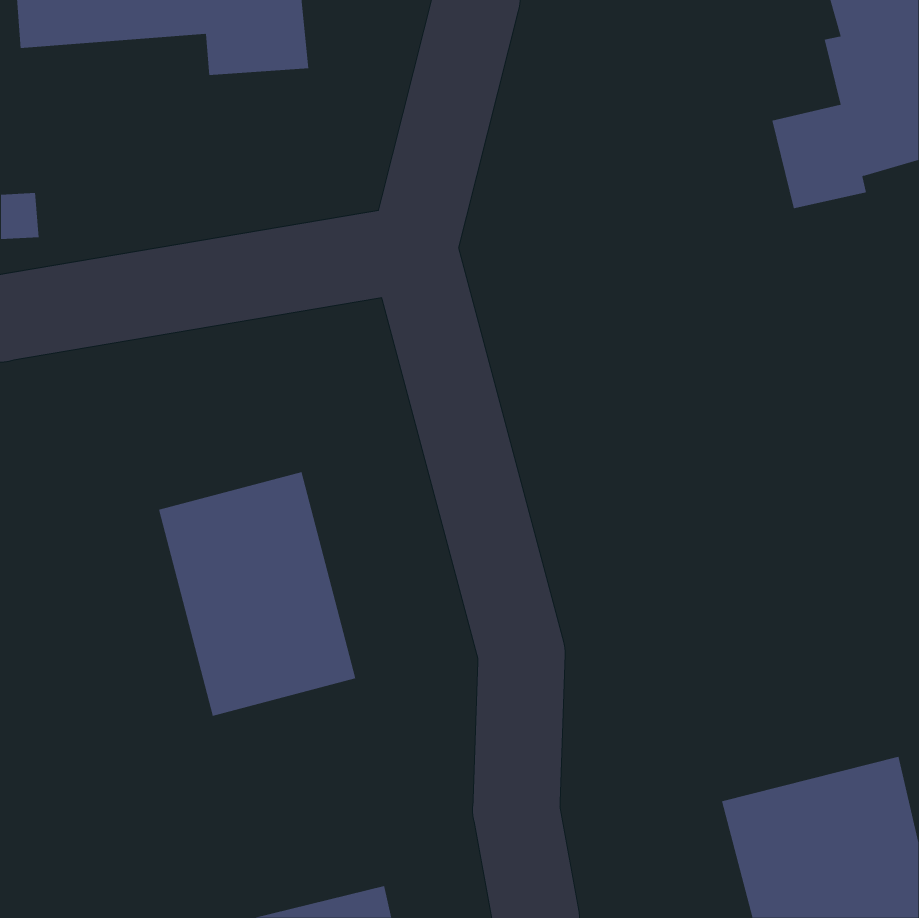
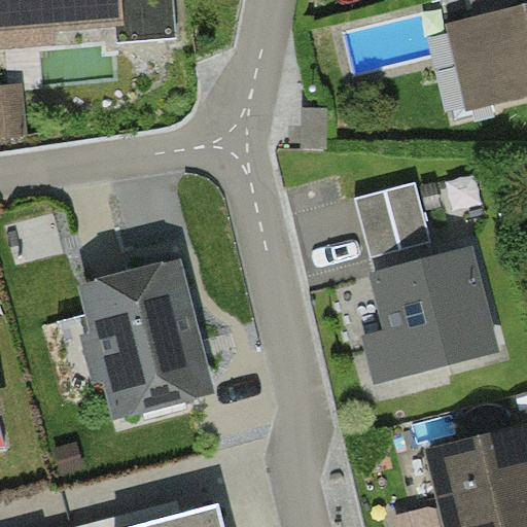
building: none -> [355,182,432,259]
building: none -> [371,251,497,381]

